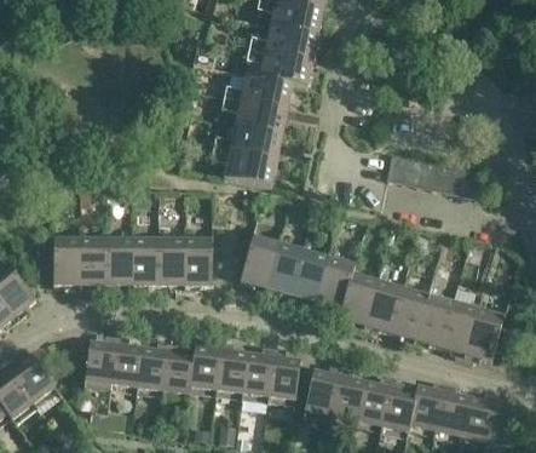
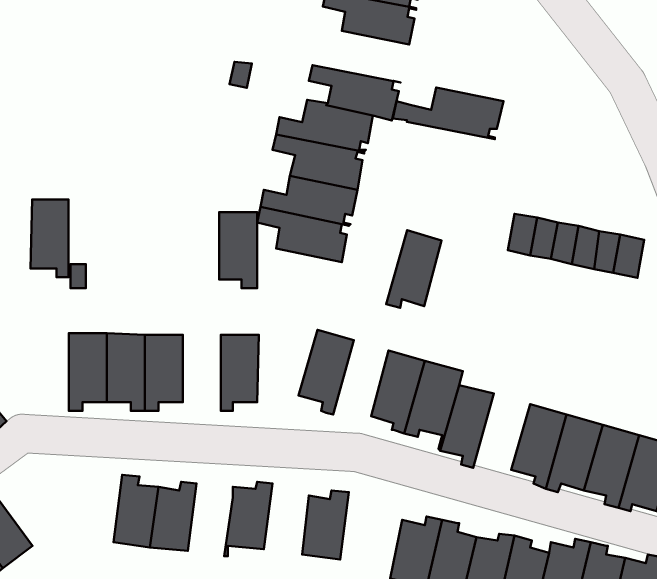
building: [238,25,316,62] -> [393,87,504,139]
building: [51,237,77,292] -> [30,199,68,277]
building: [157,239,184,292] -> [219,212,257,288]
building: [263,242,301,297] -> [386,230,442,308]
building: [361,280,400,334] -> none
building: [83,336,115,384] -> none
building: [161,343,192,394] -> none
building: [214,343,246,392] -> none
building: [267,349,299,400] -> none

